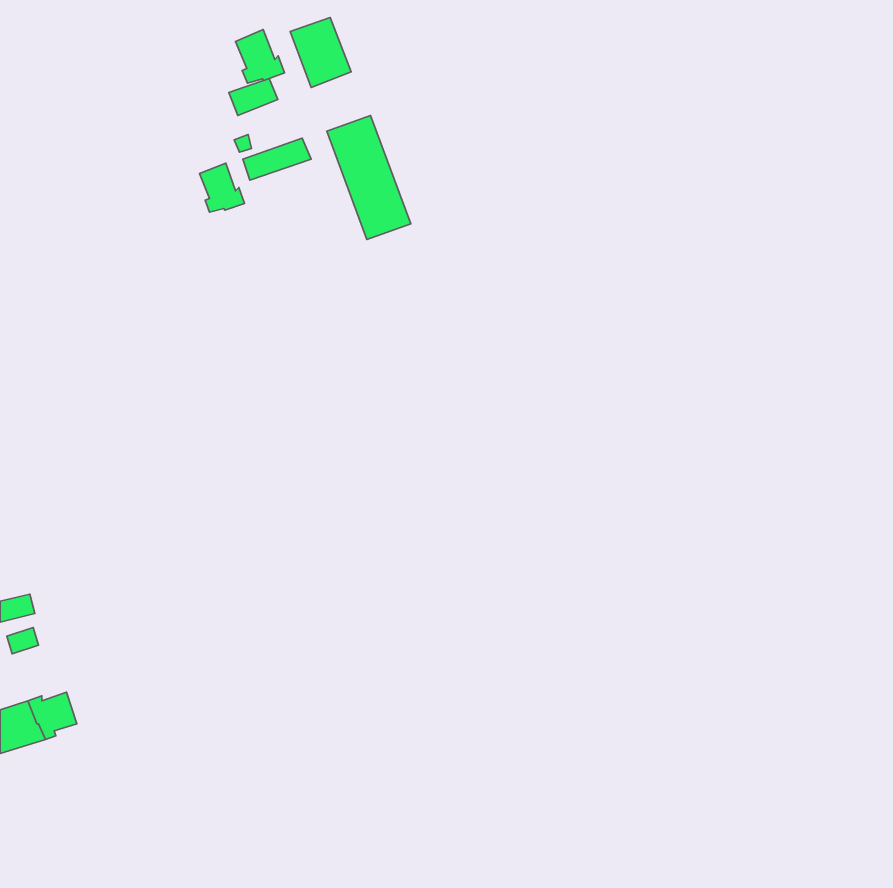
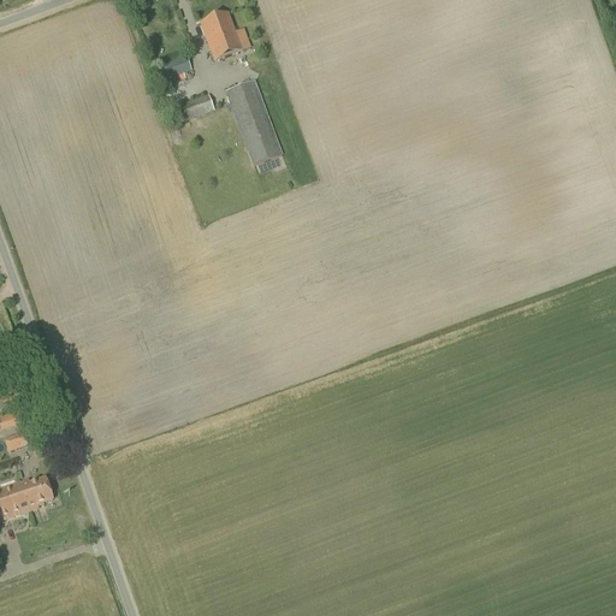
building: [235,29,285,83] -> none
building: [200,163,244,212] -> none

